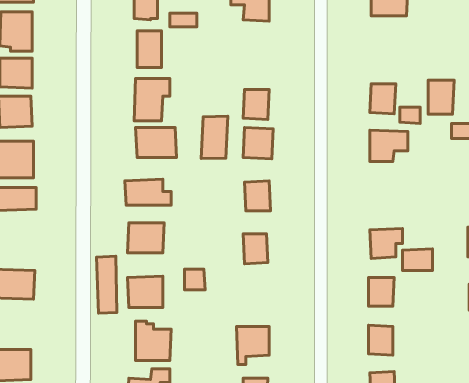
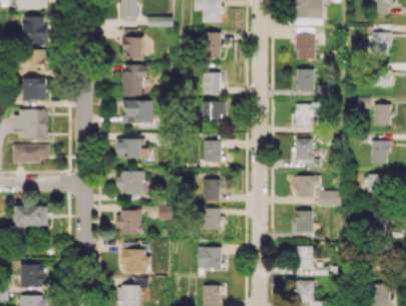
building: none -> [202,32,222,58]
building: [428,80,454,114] -> [297,34,316,59]
building: [201,116,228,159] -> none
building: none -> [295,138,321,169]
building: [96,256,117,313] -> none
building: none -> [202,209,222,230]

